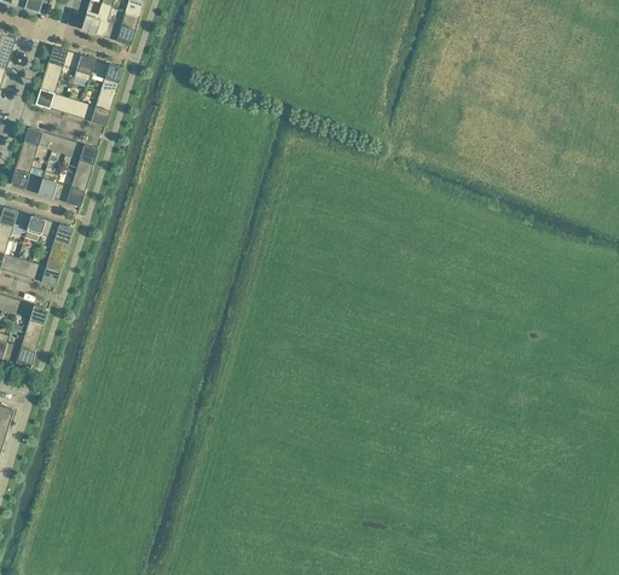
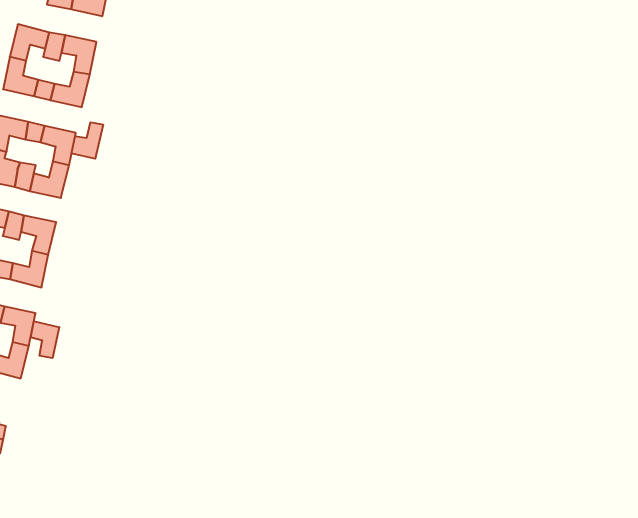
building: none -> [72,122,103,159]
building: none -> [31,321,59,358]

